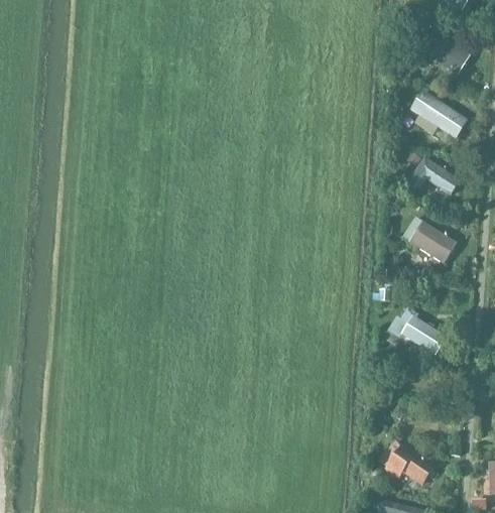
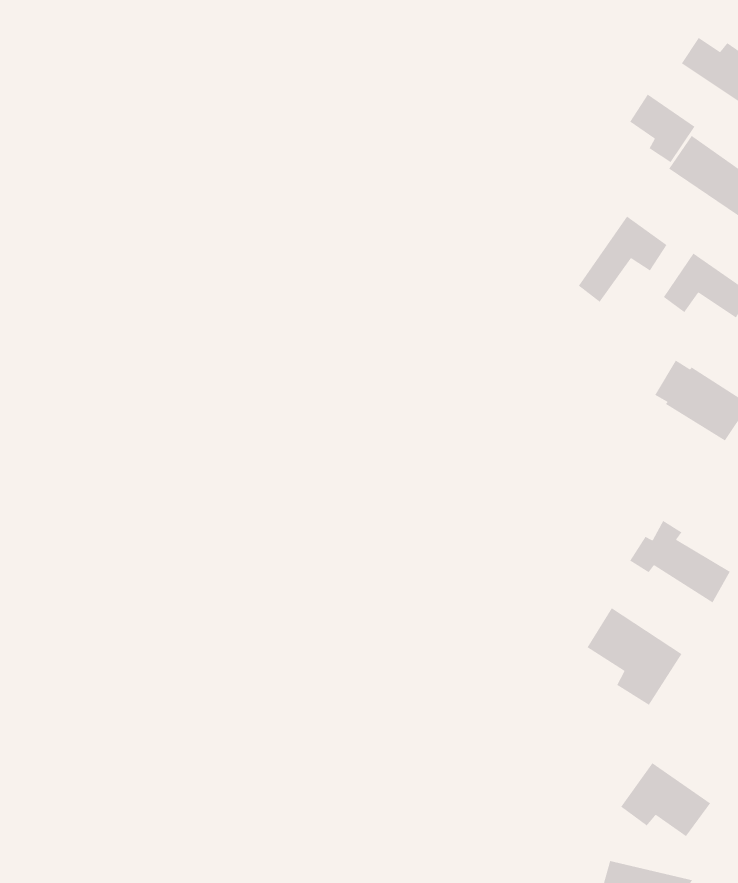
building: none -> [629,94,695,163]
building: none -> [578,216,668,303]
building: none -> [587,607,682,706]

